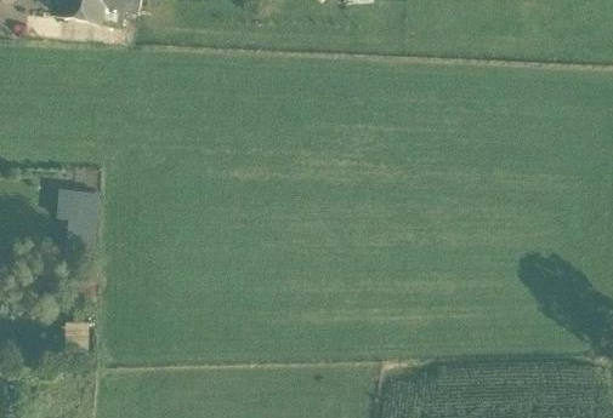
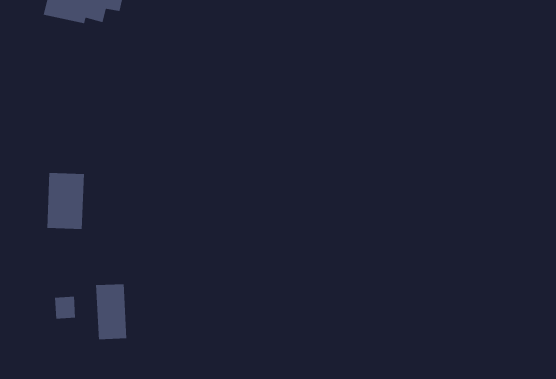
building: none -> [96,283,127,340]

